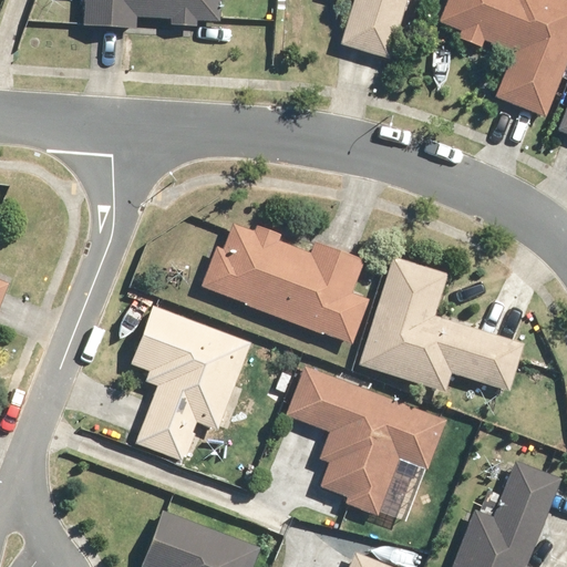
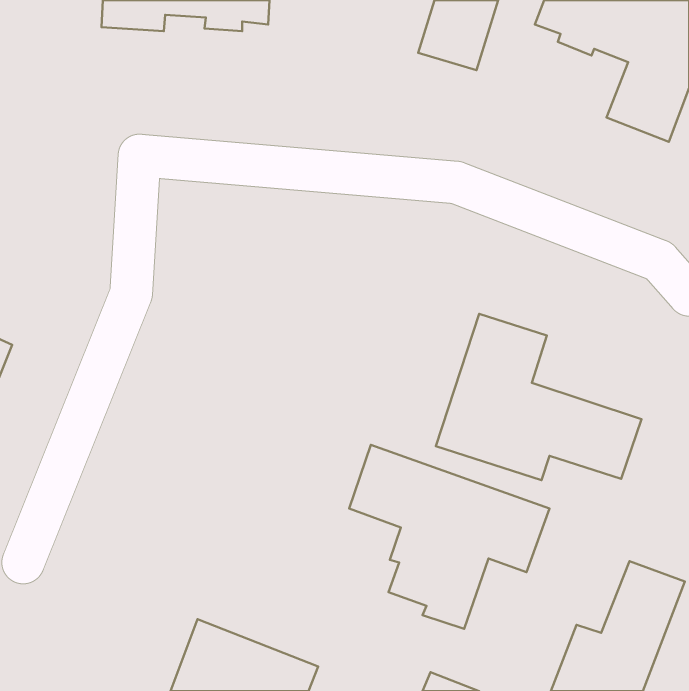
building: [200,223,368,343] -> none
building: [128,303,251,462] -> none

